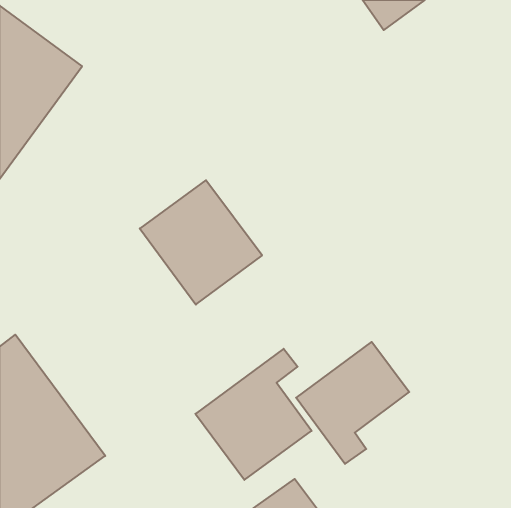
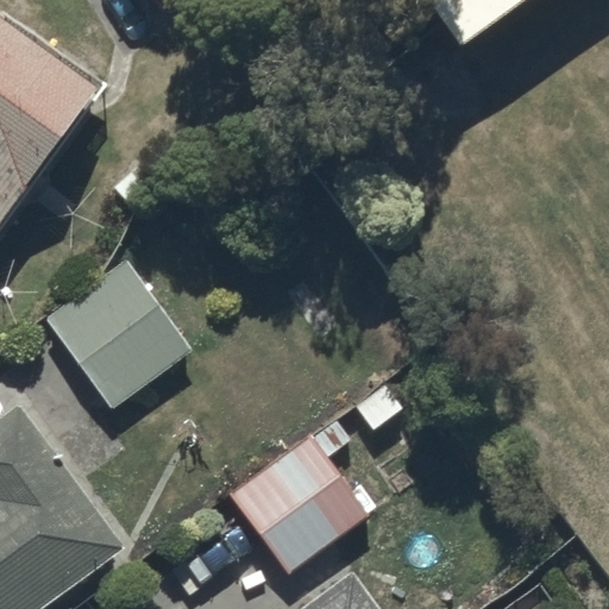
building: [140,180,262,305] -> [45,262,190,409]
building: [296,342,409,464] -> none

